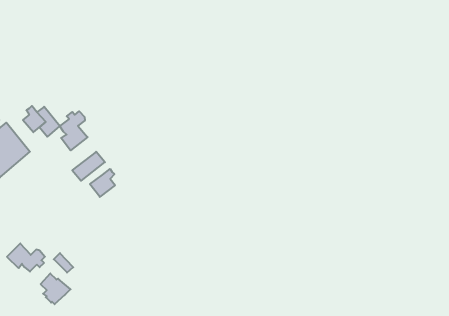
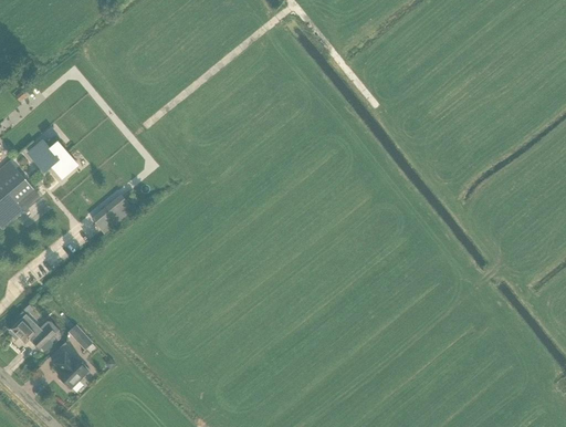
building: [60,111,88,150] -> none
building: [90,169,115,197] -> none

